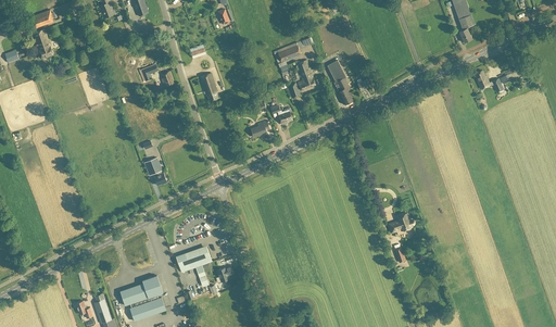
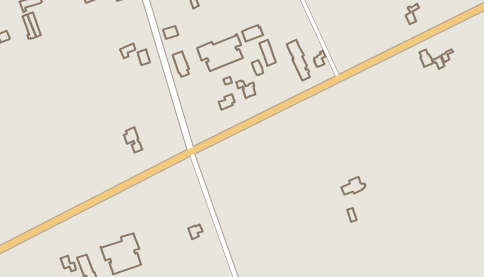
building: none -> [197,34,243,71]
building: [177,247,211,285] -> none

